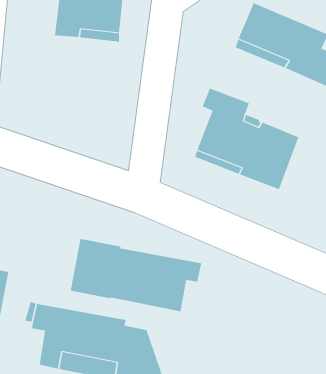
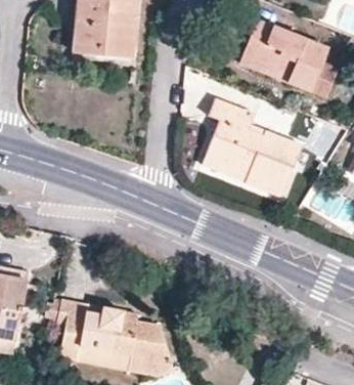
building: [70,238,202,312] -> none

